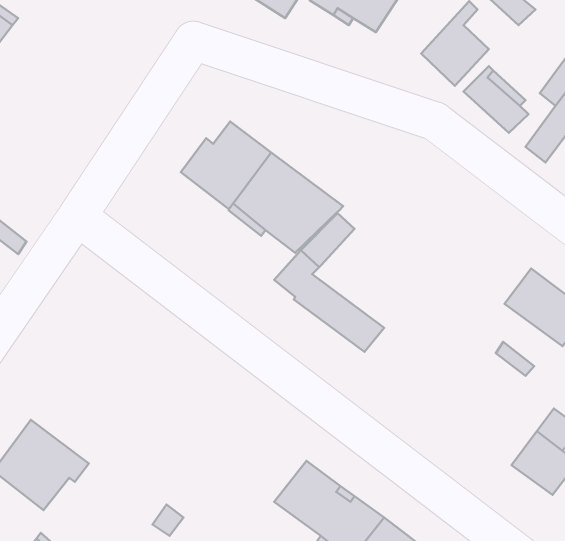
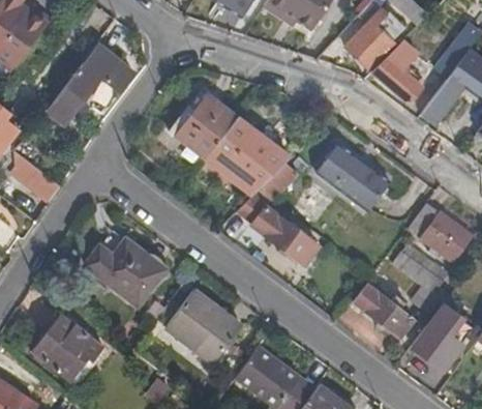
building: none -> [48,46,133,123]
building: none -> [317,145,390,211]
building: none -> [87,230,163,303]
building: none -> [353,283,414,338]
building: none -> [167,292,240,363]

